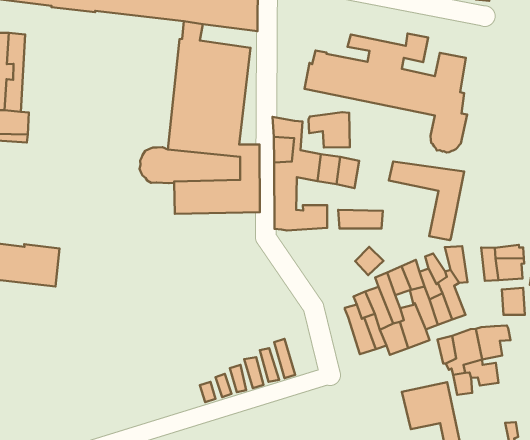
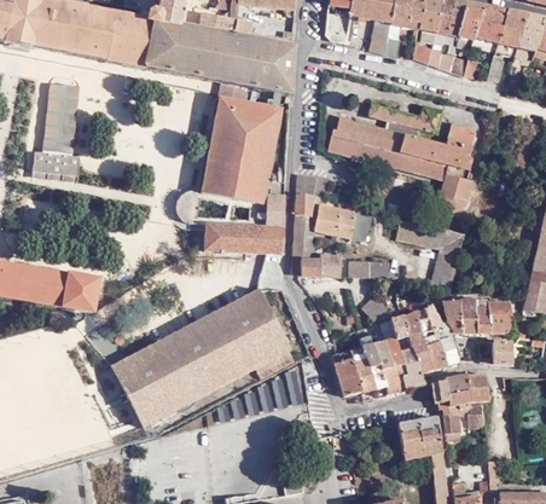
building: [308,112,350,148] -> none
building: none -> [459,297,477,331]
building: none -> [111,290,295,428]
building: none -> [335,355,361,393]

